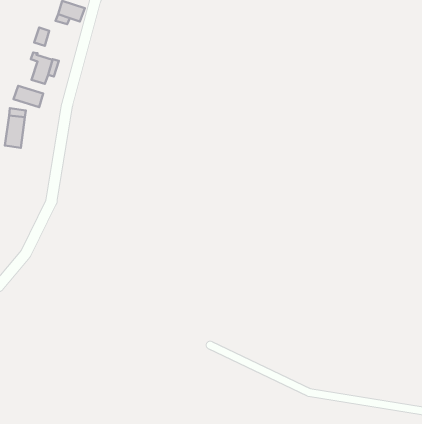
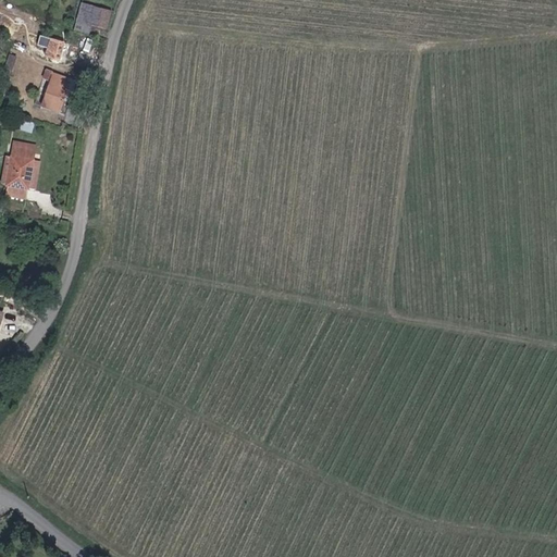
building: [14,86,43,107] -> none

